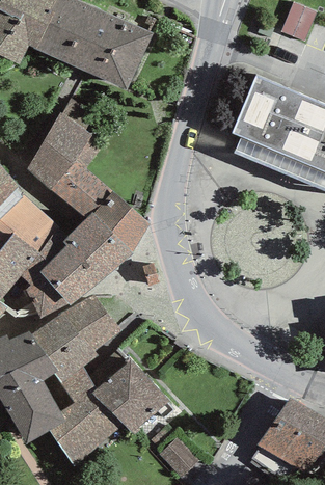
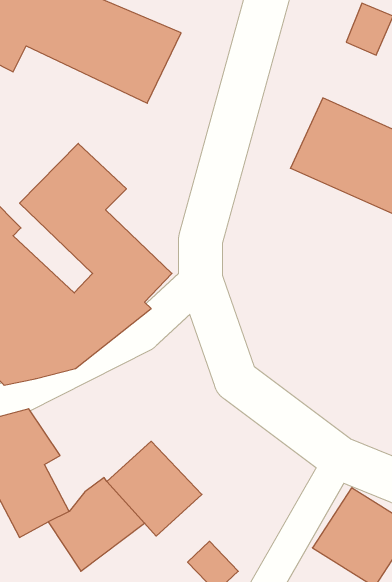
building: [30,291,121,399] -> none

